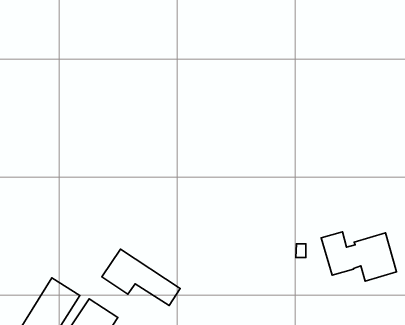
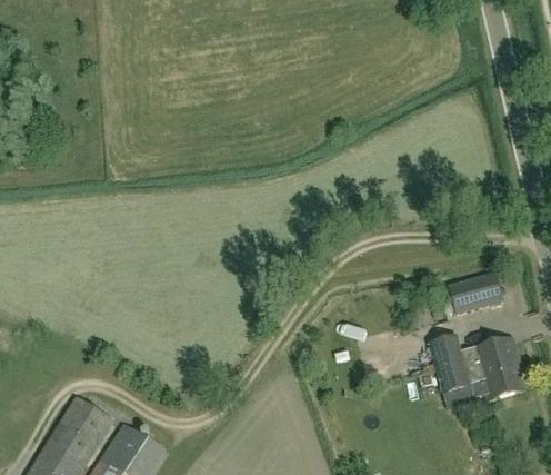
building: none -> [450,273,504,314]
building: [102,249,180,306] -> none

